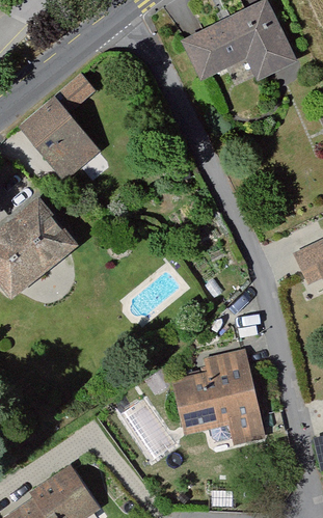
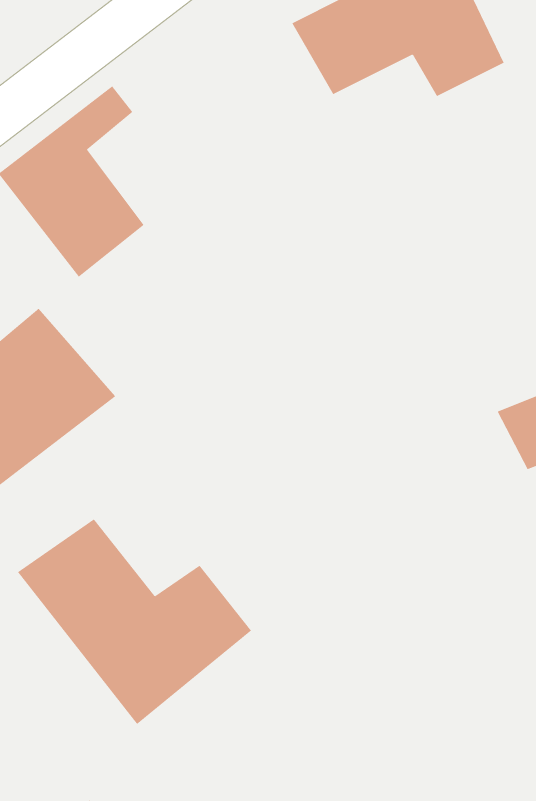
building: none -> [17,518,252,725]
building: [171,351,263,444] -> none

